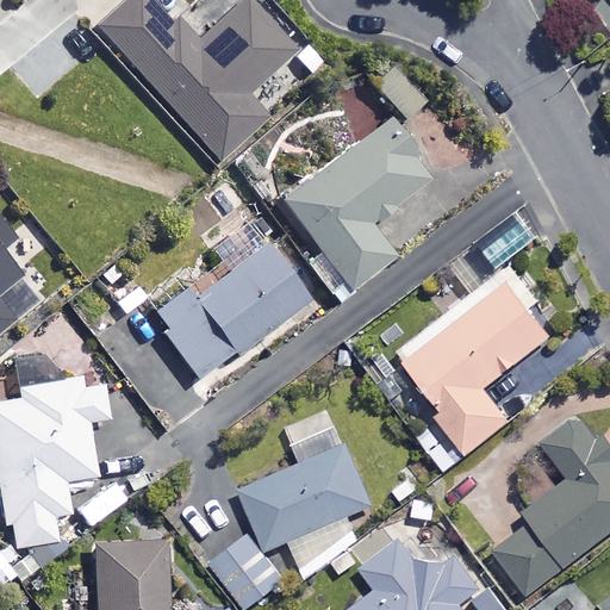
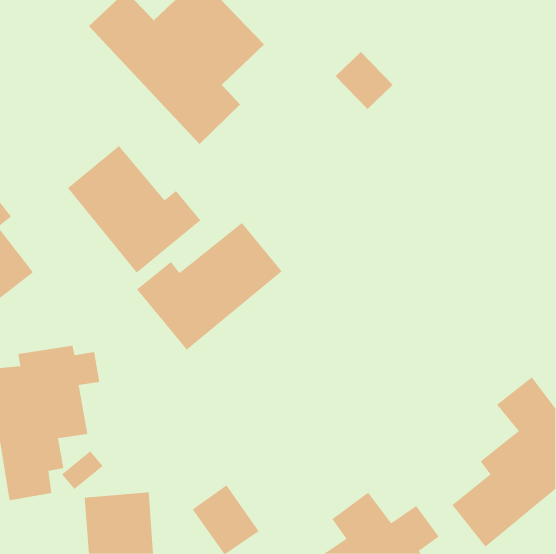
building: [284,120,434,287] -> none
building: none -> [67,145,201,273]
building: [405,279,554,455] -> none
building: [242,430,373,550] -> none

